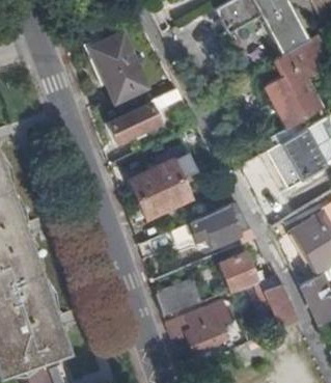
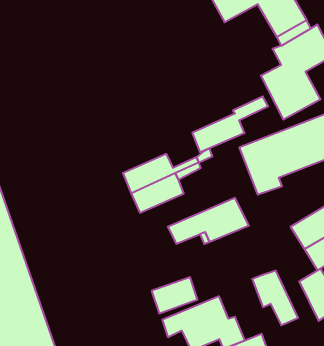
building: [92,34,148,103] -> none
building: [111,88,185,142] -> [192,96,268,152]
building: [222,251,267,291] -> none

